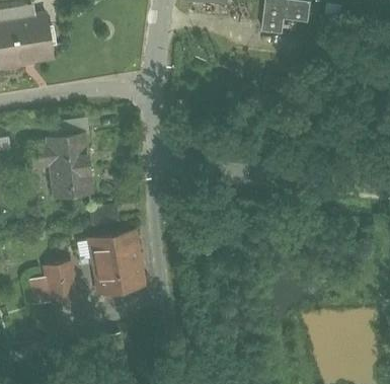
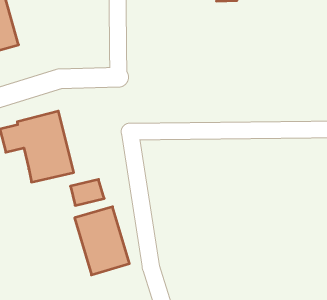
building: [31,260,80,302] -> none

